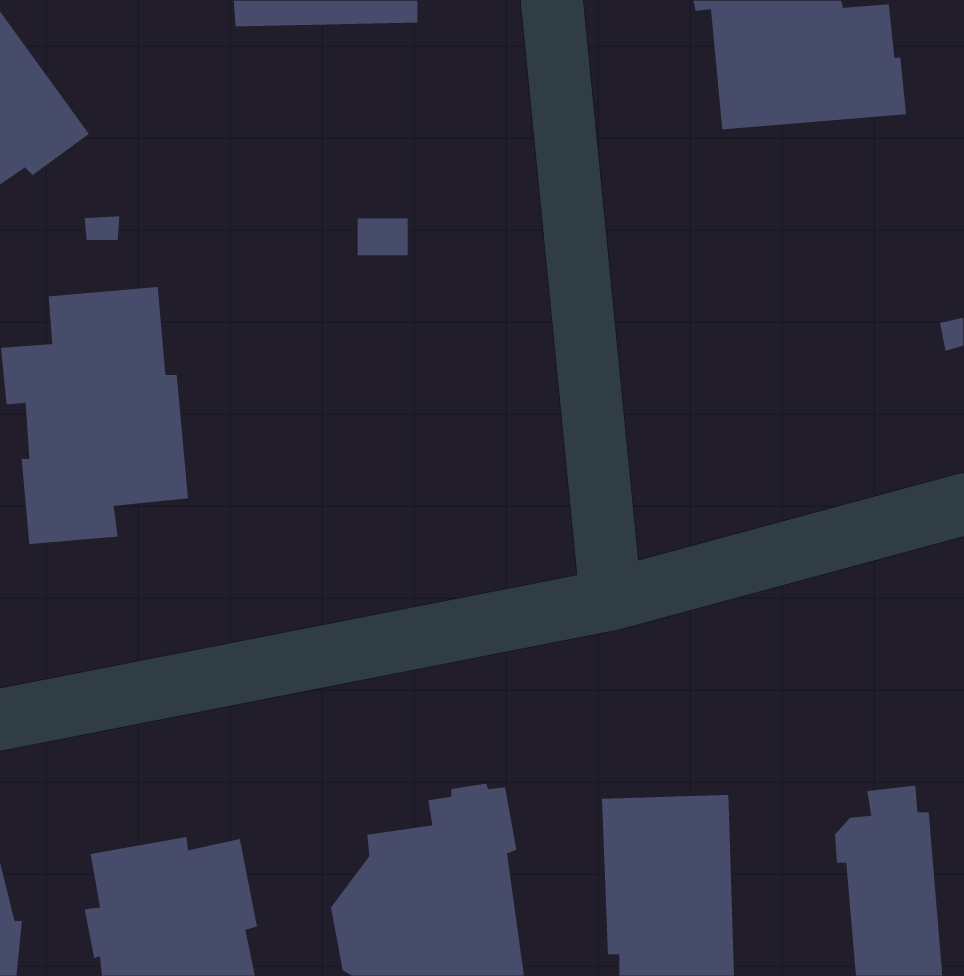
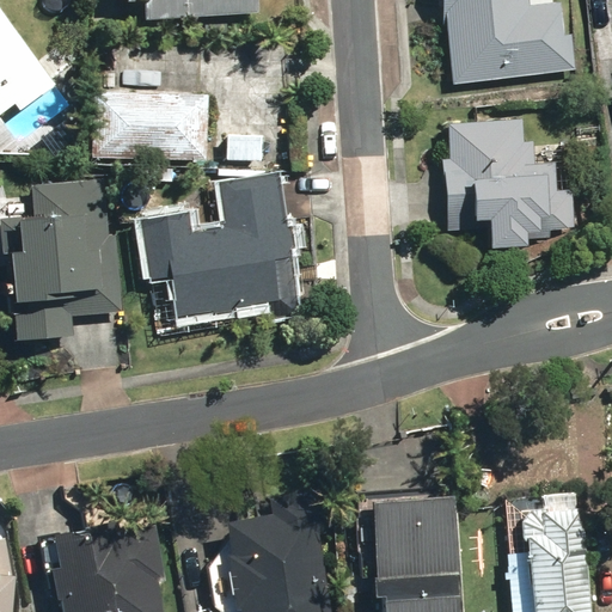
building: none -> [90,90,206,160]
building: none -> [441,121,569,247]
building: none -> [137,172,288,314]

